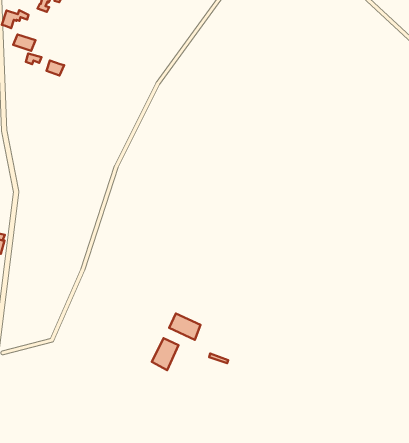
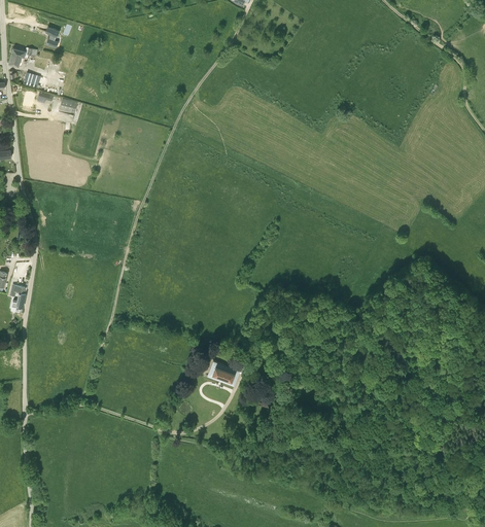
building: [152,338,179,370] -> none

